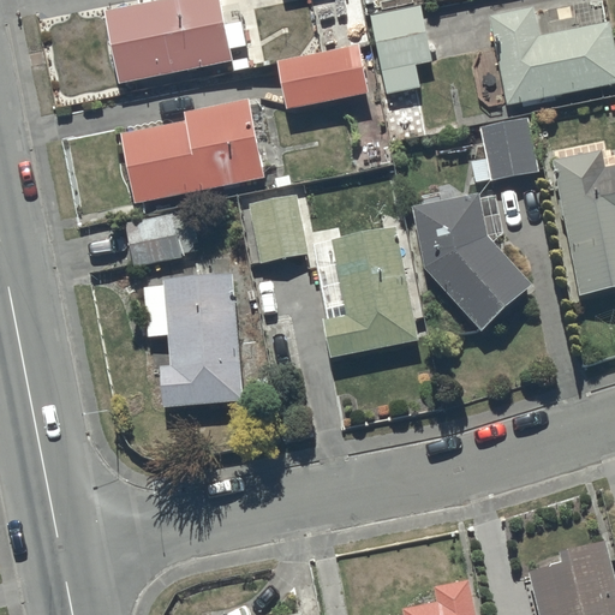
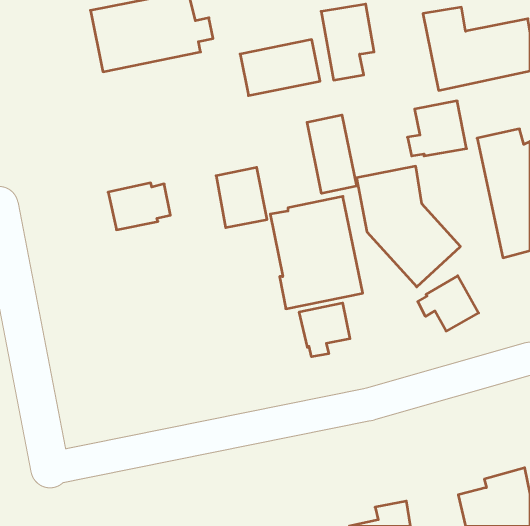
building: [121,100,264,203] -> none
building: none -> [307,115,357,193]
building: [143,274,244,406] -> none
building: none -> [418,276,479,331]
building: none -> [299,303,350,357]

